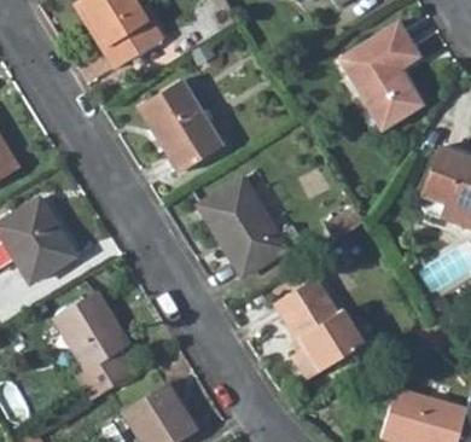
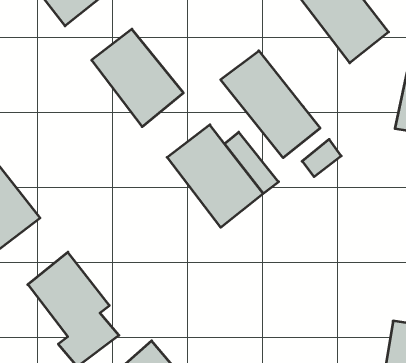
building: none -> [221,51,320,158]
building: [274,274,366,377] -> none

